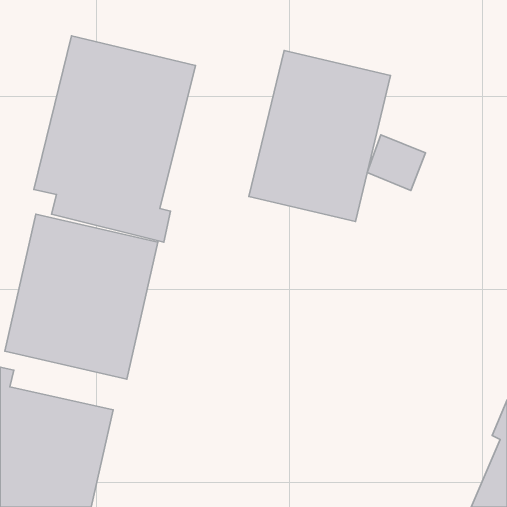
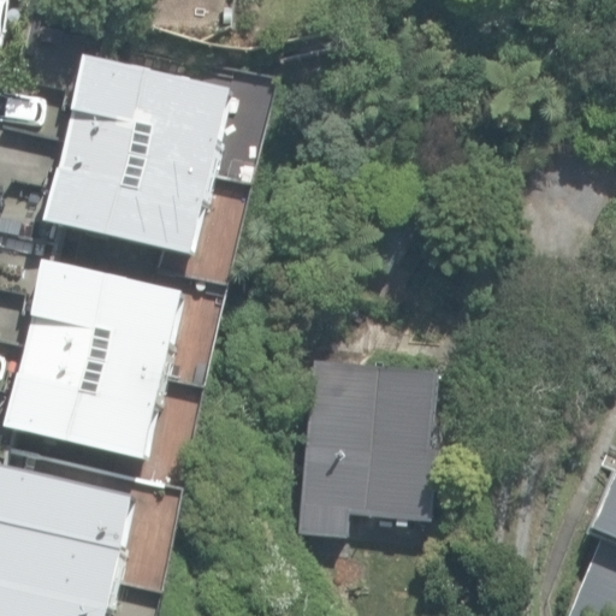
building: [249,51,390,222] -> none
building: none -> [300,360,444,539]

